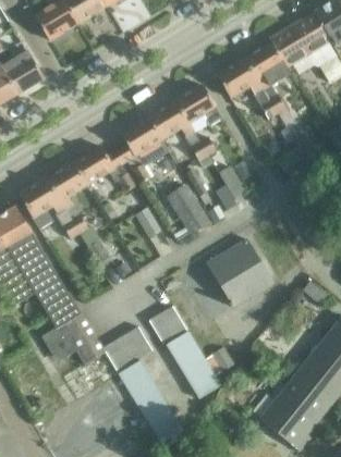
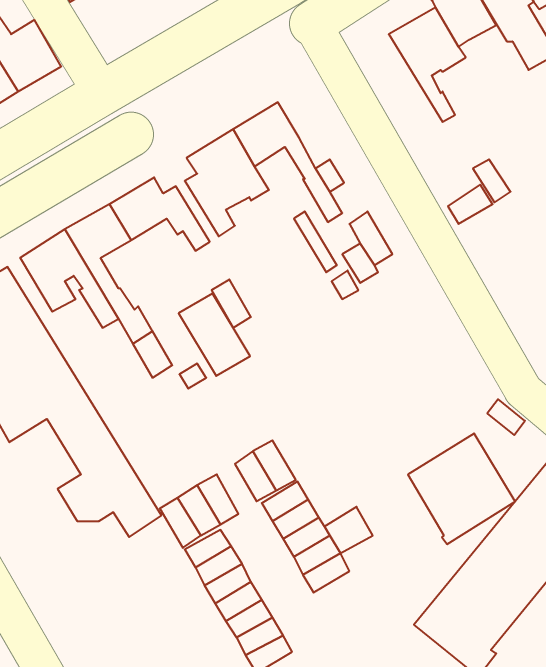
building: [218,59,277,118] -> none
building: [176,84,222,124] -> none
building: [167,183,210,233] -> [179,294,250,376]
building: [208,238,273,306] -> [408,433,515,544]

